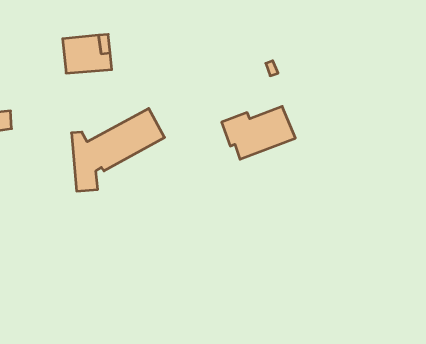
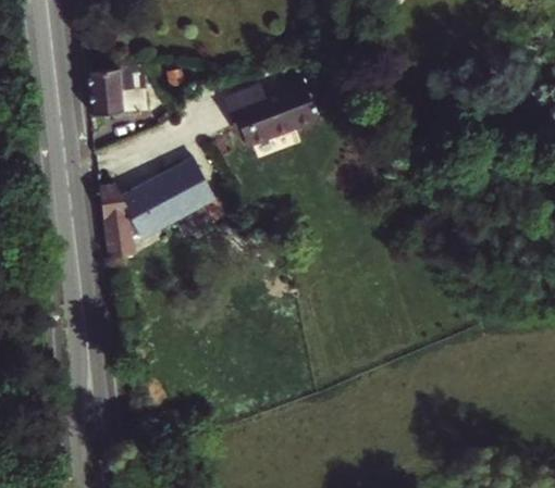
building: [222,106,295,159] -> [229,82,320,147]

